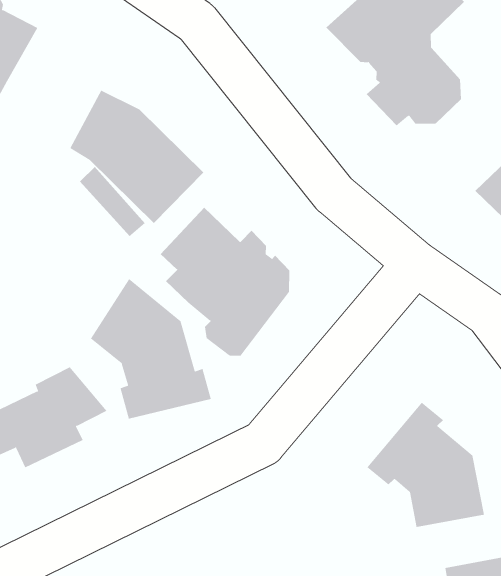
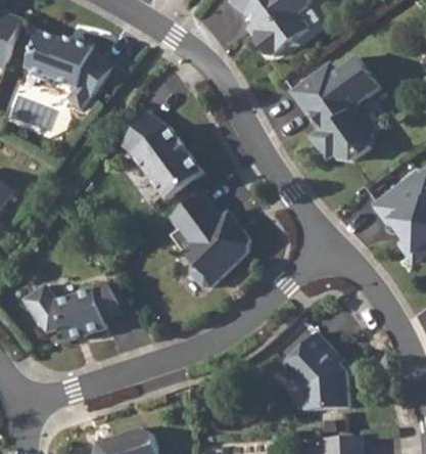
building: [90,278,212,419] -> none

